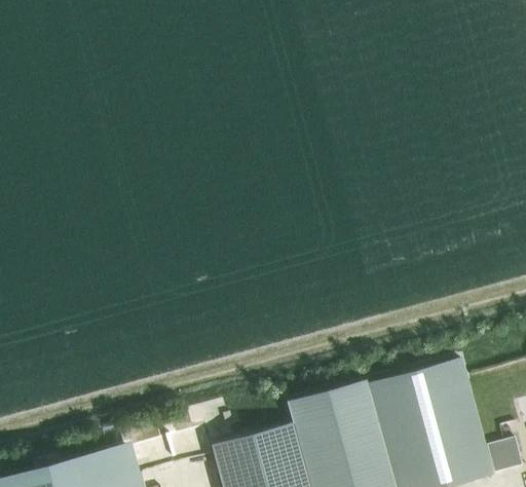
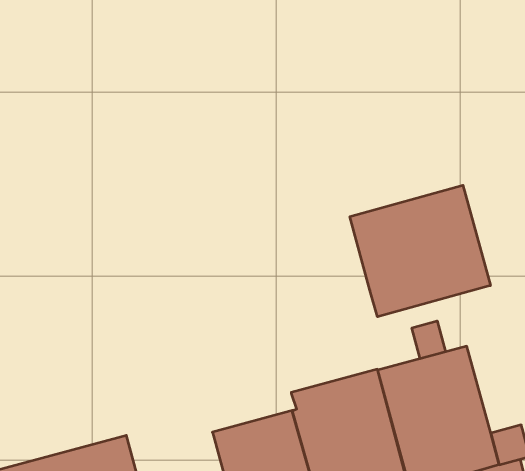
building: none -> [350,185,490,317]
building: none -> [412,321,445,359]

